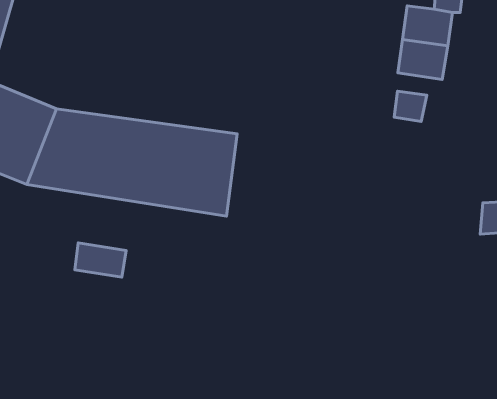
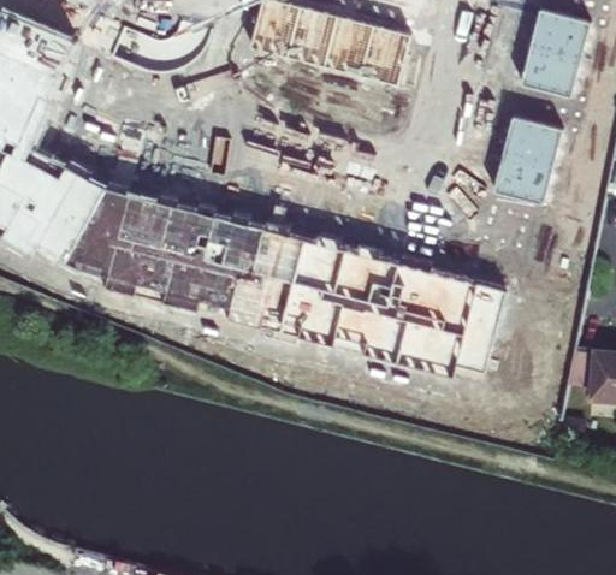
building: none -> [279,238,503,383]
building: [75,243,126,277] -> none

